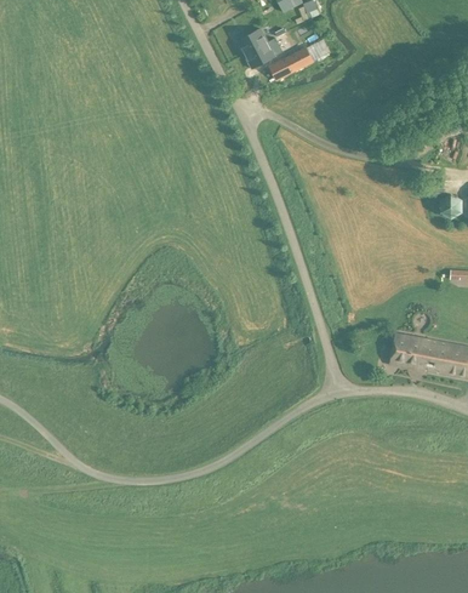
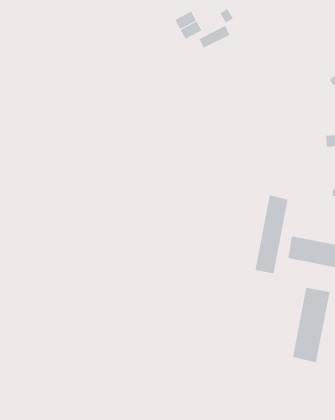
building: none -> [255,195,288,274]
building: none -> [292,287,330,363]

